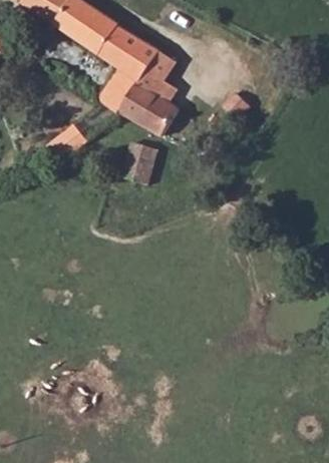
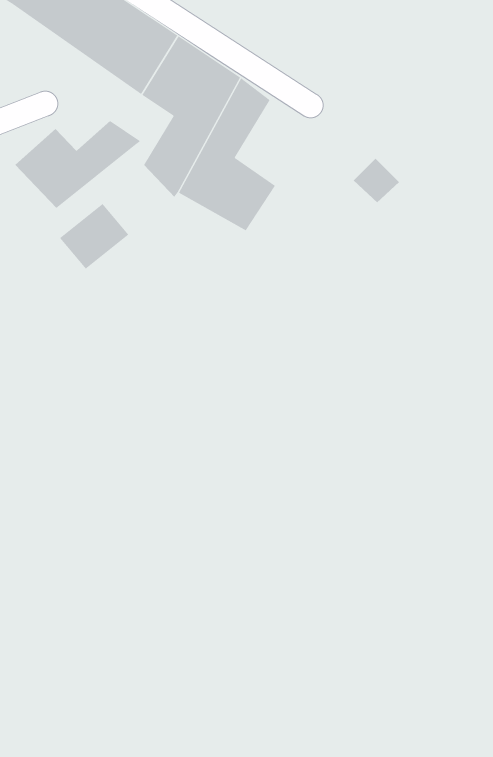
building: none -> [14,120,141,209]
building: [123,145,156,185] -> none

